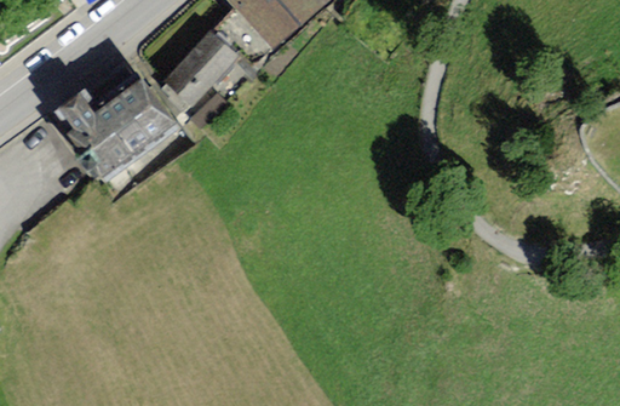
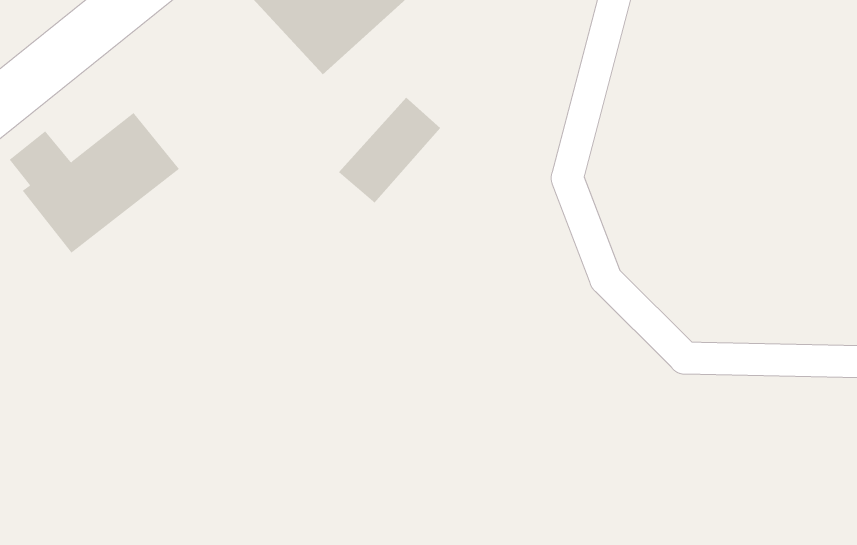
building: [167,33,235,103] -> [338,97,441,203]

